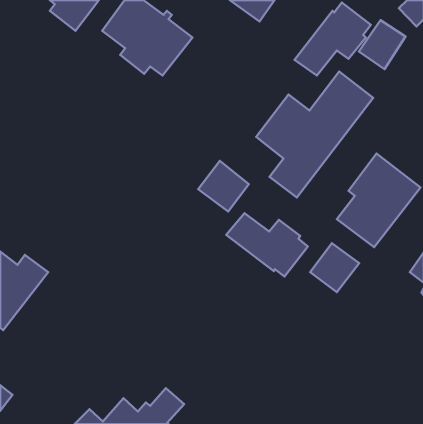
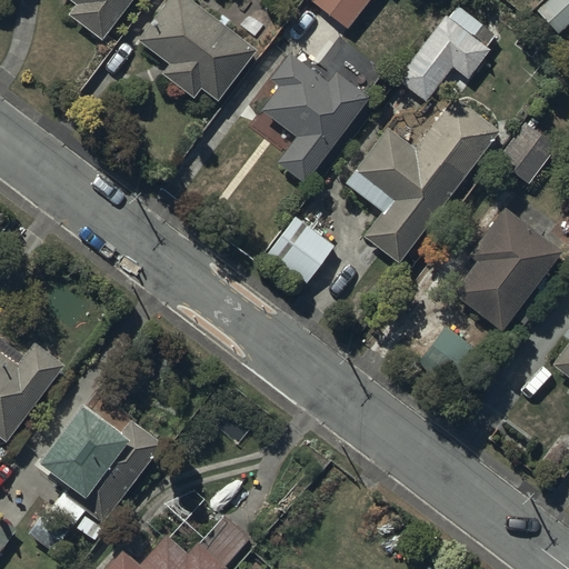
building: [359,20,405,69] -> [495,119,557,184]
building: none -> [260,52,371,183]
building: [226,213,308,277] -> none
building: none -> [38,403,163,525]

